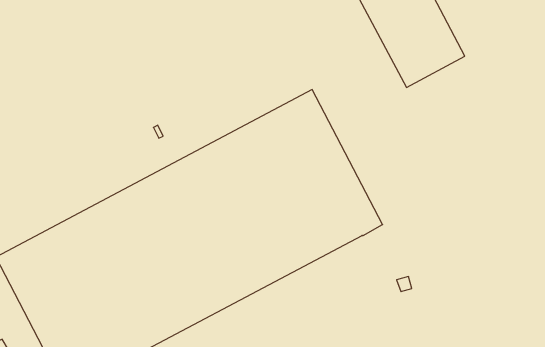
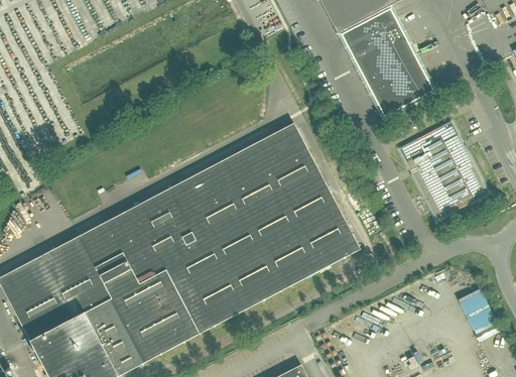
building: none -> [398,120,488,220]

